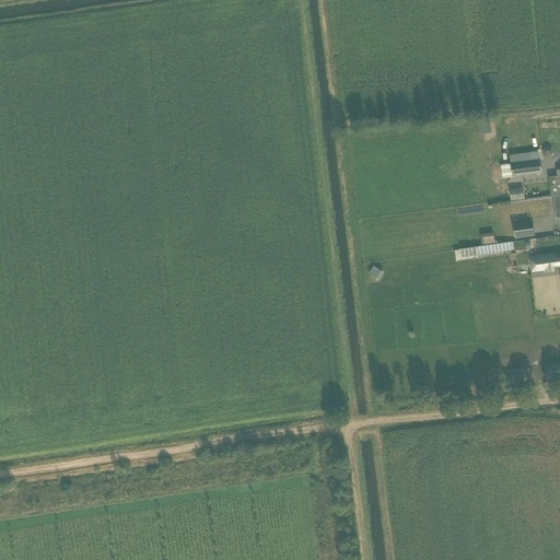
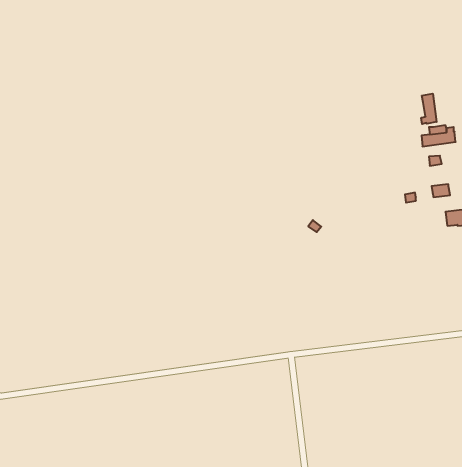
building: none -> [421,94,437,124]

